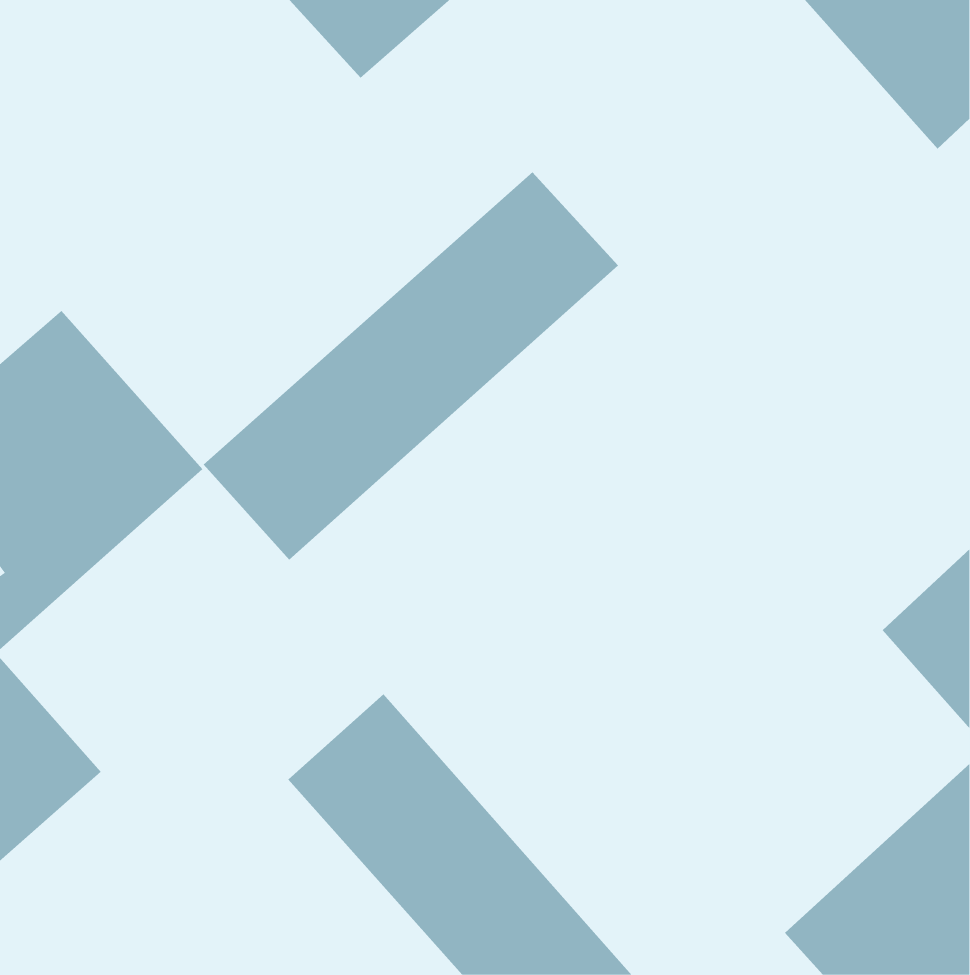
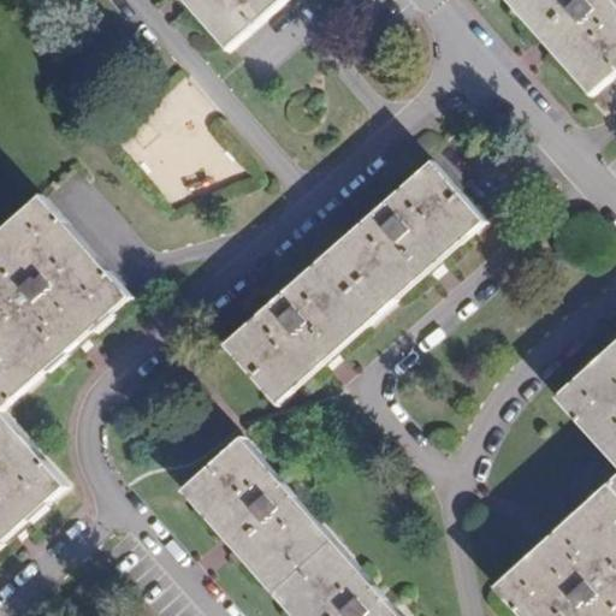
building: [203,171,619,560] -> [223,160,484,404]

